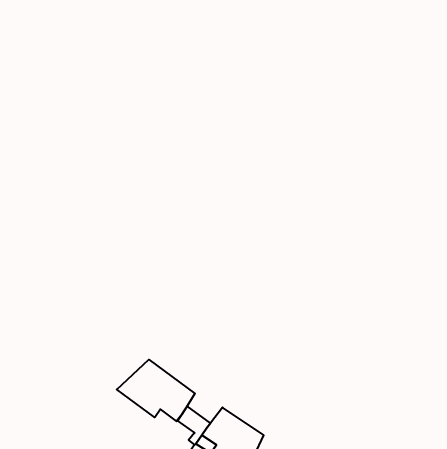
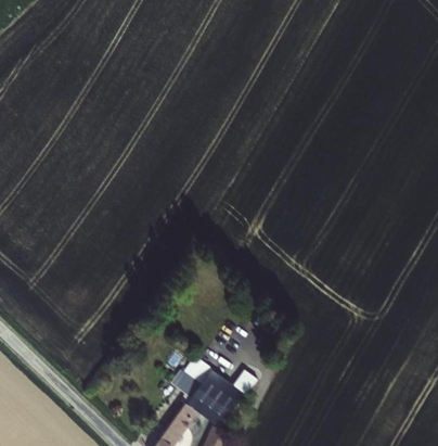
building: [117,360,195,421] -> none

